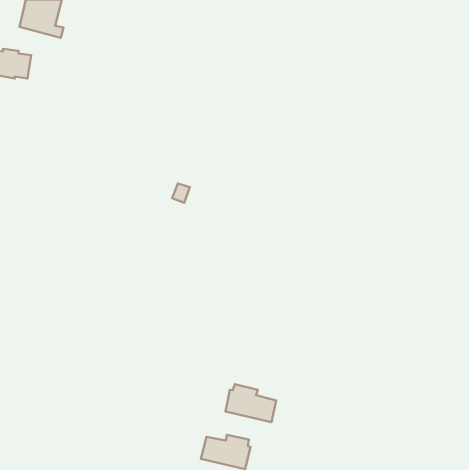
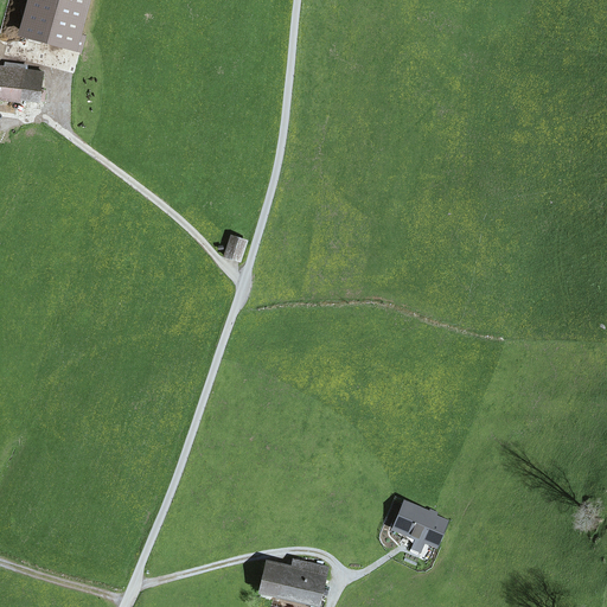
building: [225,384,276,422] -> none
building: none -> [395,504,446,552]

